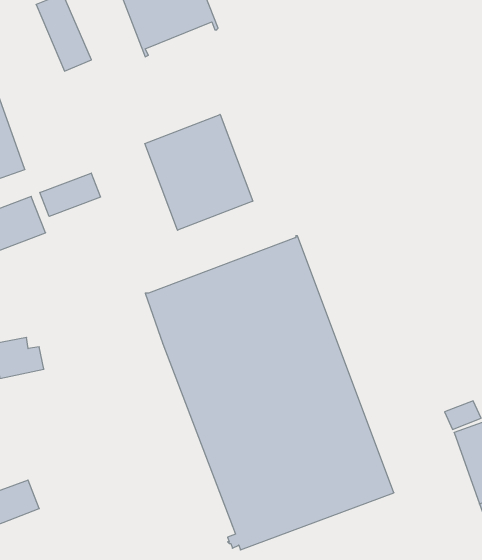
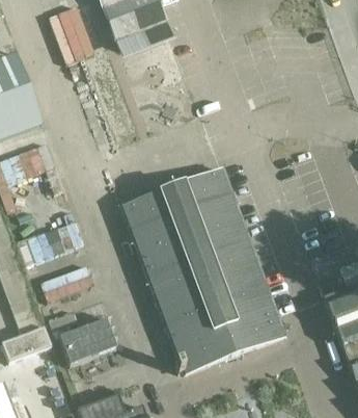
building: [145,114,253,230] -> none
building: [40,173,101,216] -> none
building: none -> [61,320,118,365]

